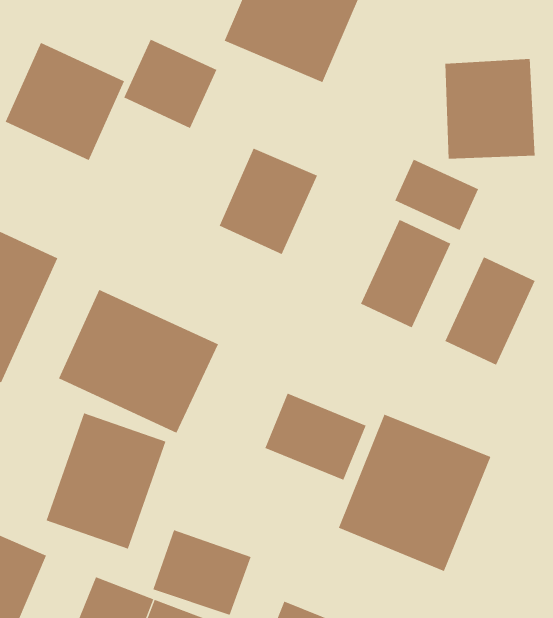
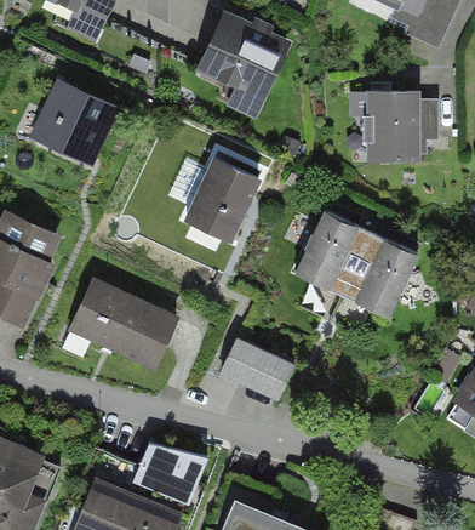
building: [123,39,217,129] -> none
building: [394,159,479,231] -> none
building: [46,413,166,550] -> none
building: [338,414,491,572] -> none

